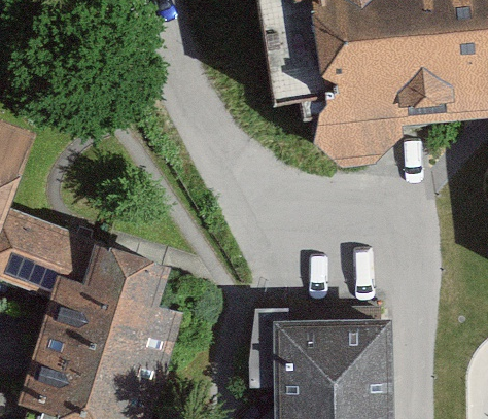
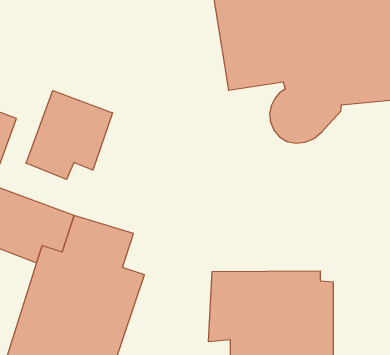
building: none -> [26,91,113,179]

